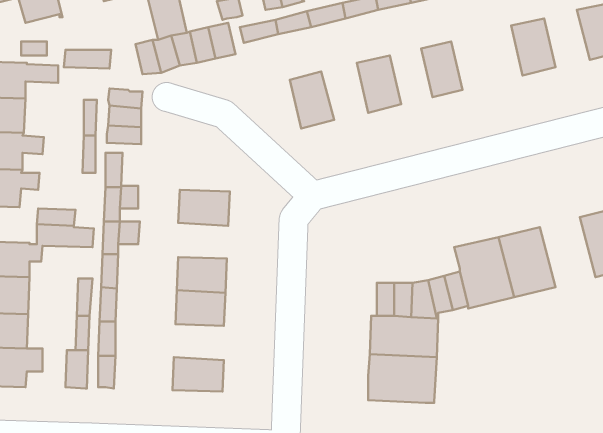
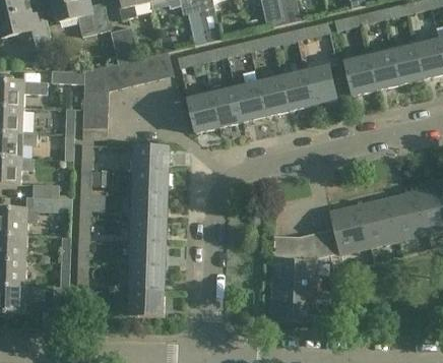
building: none -> [392,43,425,83]
building: none -> [342,54,377,96]
building: none -> [83,67,107,101]
building: none -> [282,70,313,110]
building: none -> [234,80,267,121]
building: none -> [186,93,219,133]
building: none -> [133,146,169,172]
building: none -> [389,190,429,240]
building: none -> [132,194,168,220]
building: none -> [129,266,165,292]

